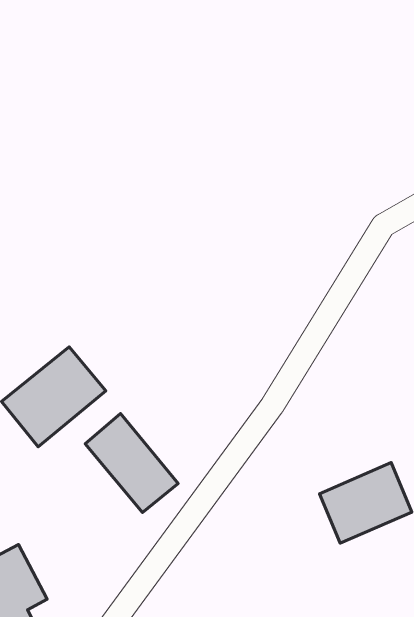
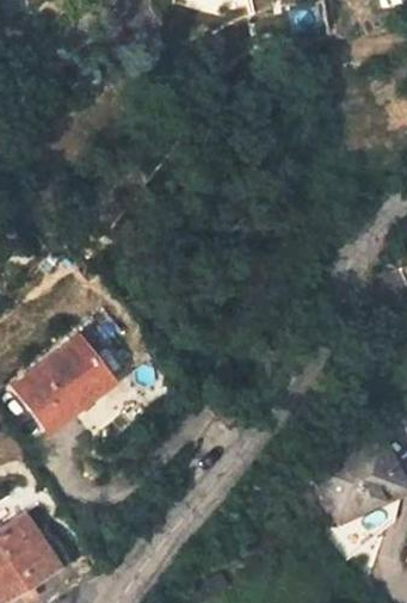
building: [85,413,178,513] -> none

